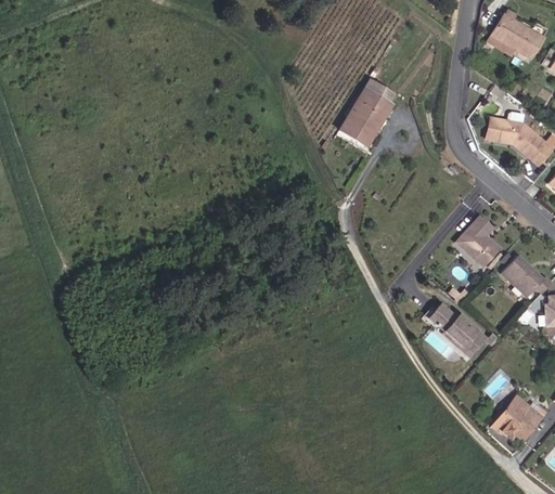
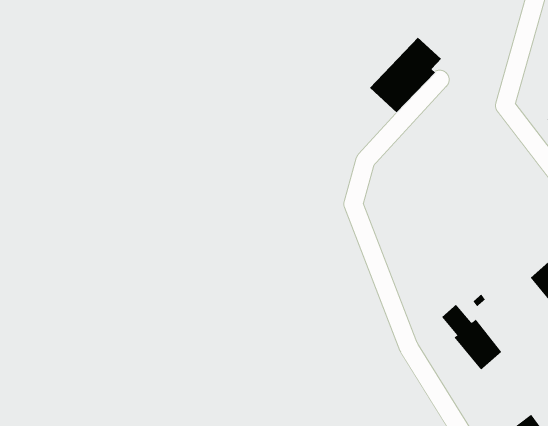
building: [455,217,499,268] -> none

